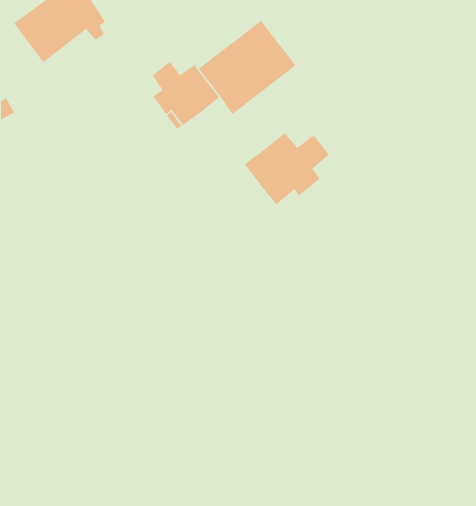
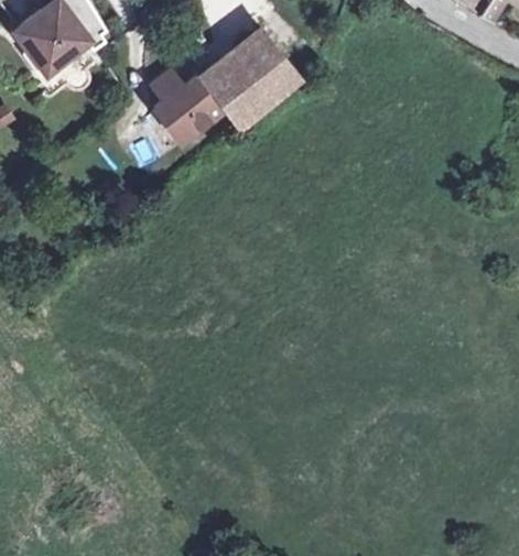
building: [244,132,330,205] -> none

